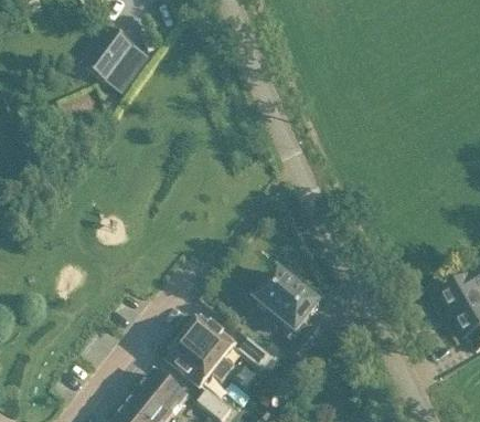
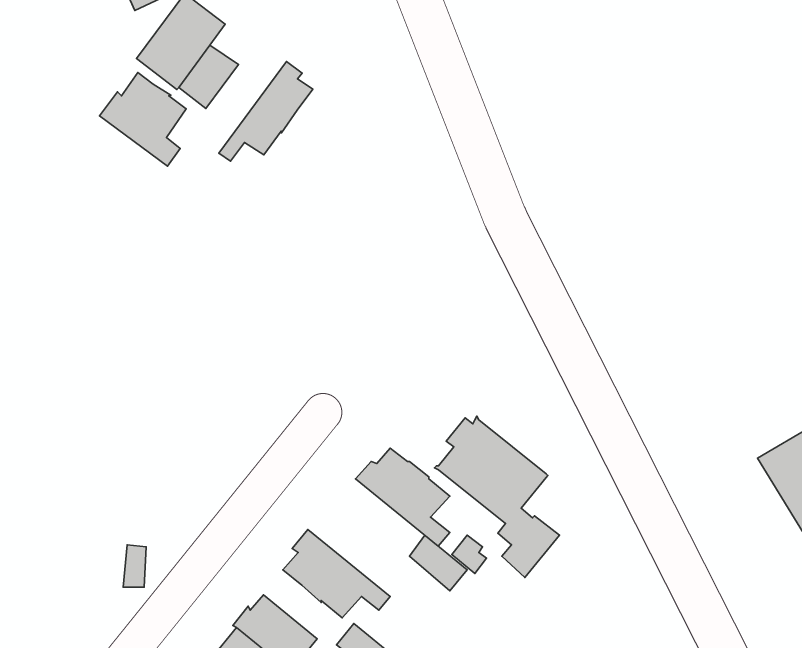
building: none -> [219,61,313,161]
building: none -> [100,72,186,166]
building: [180,316,234,372] -> [356,448,450,546]

